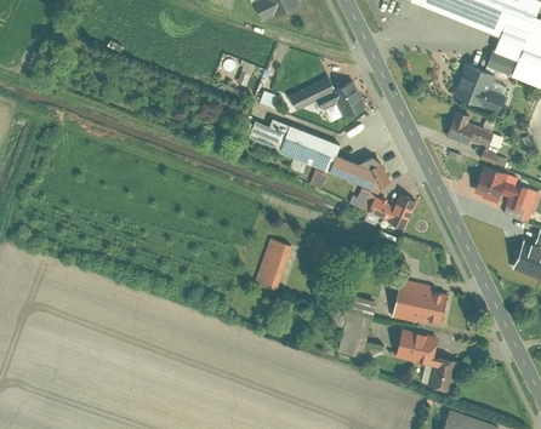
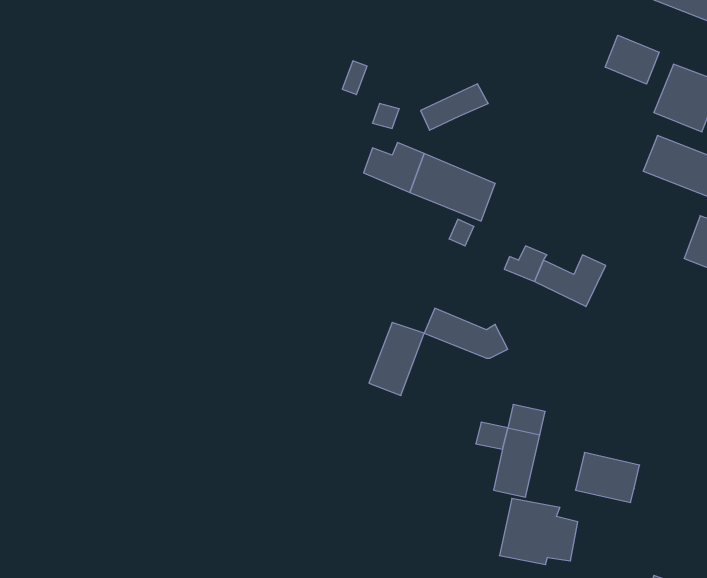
building: none -> [605,35,659,84]
building: [318,82,366,118] -> none
building: [335,154,392,188] -> [424,308,508,358]
building: [392,278,445,322] -> [499,499,578,565]
building: [429,353,460,390] -> none

